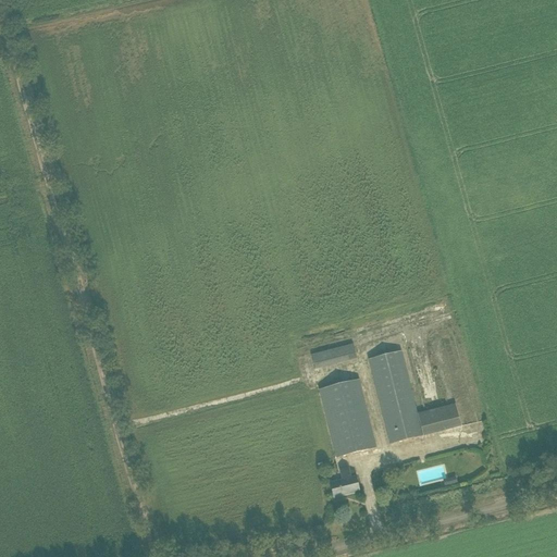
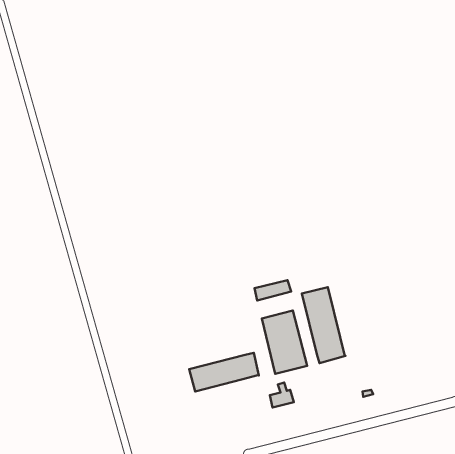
building: [416,401,461,433] -> none
building: none -> [189,353,259,392]

